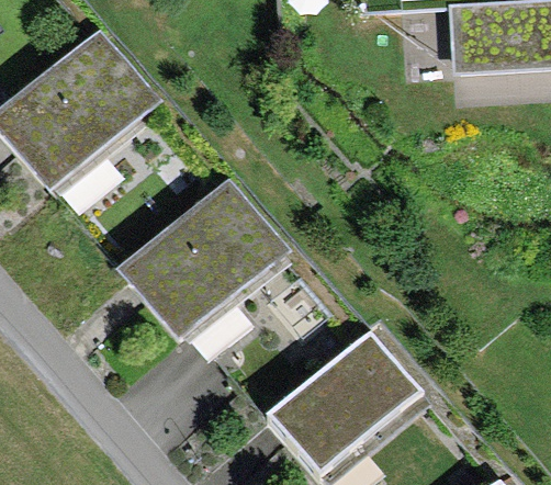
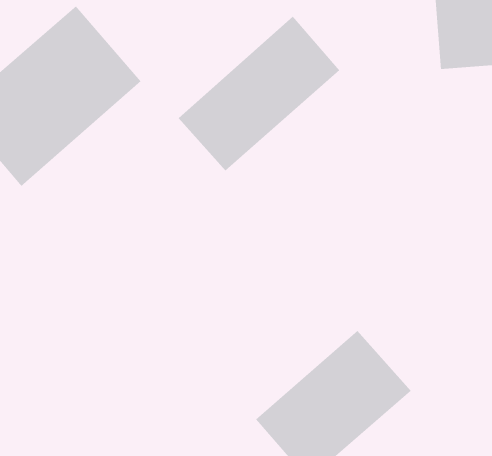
building: none -> [178,16,340,172]
building: [121,171,294,340] -> none

